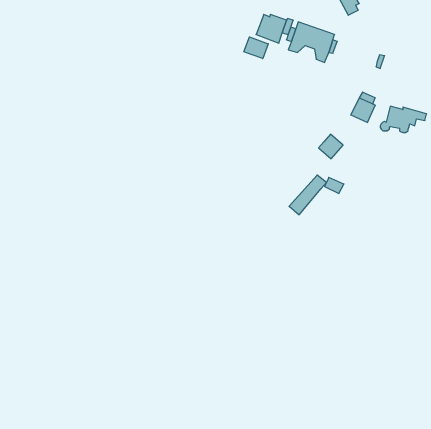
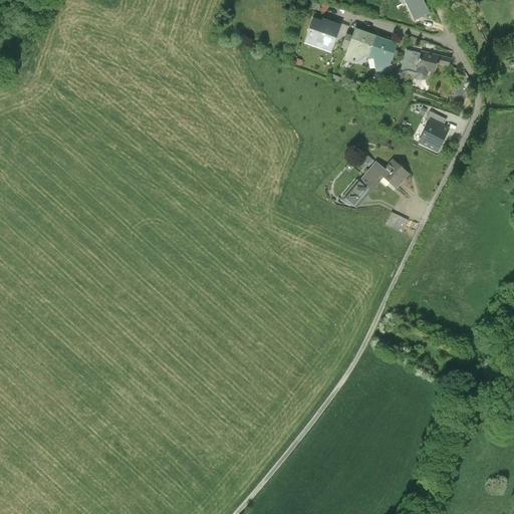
building: [244,37,268,59] -> none
building: [380,106,427,132] -> [395,48,450,79]
building: [289,175,326,215] -> [341,160,386,207]

